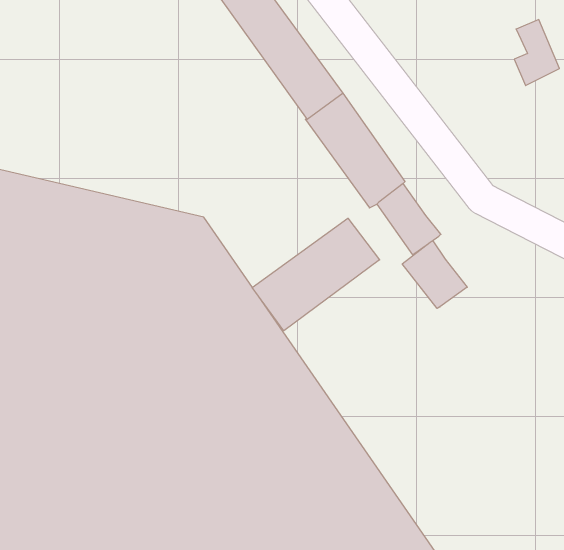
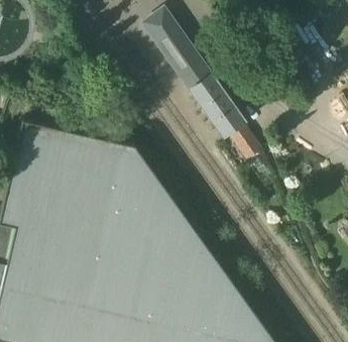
building: [252,218,380,331] -> none
building: [402,241,467,308] -> none

